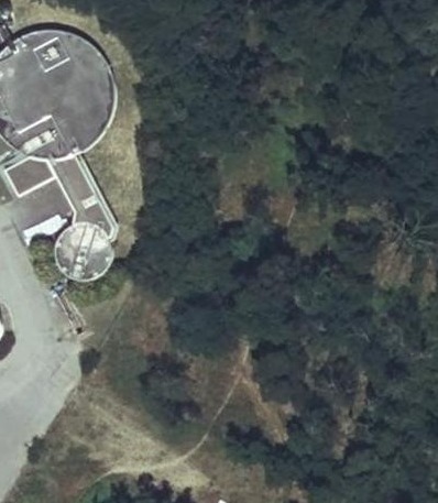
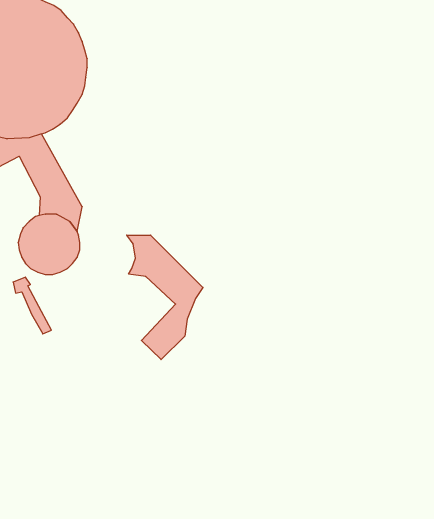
building: none -> [127,235,203,360]

